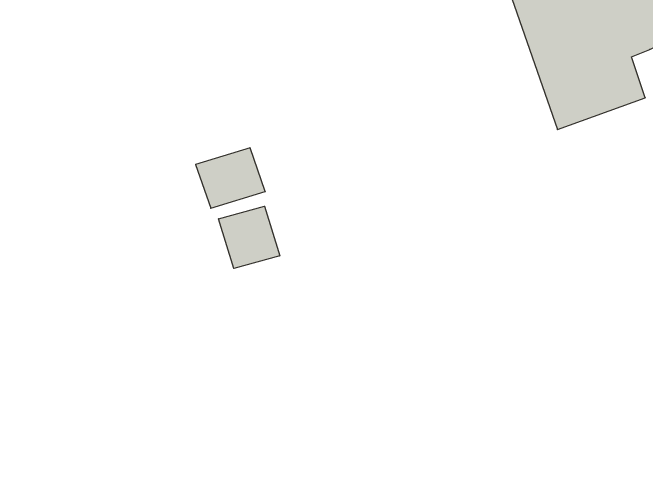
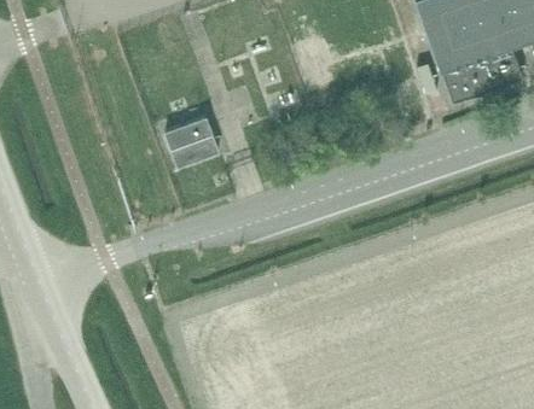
building: [219,206,280,268] -> none

